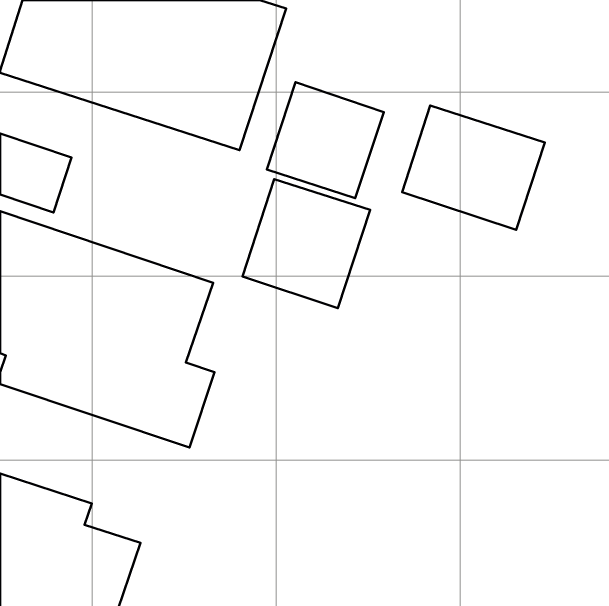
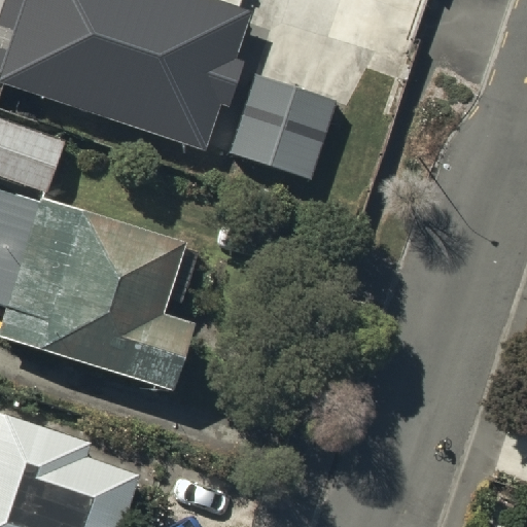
building: [402,105,545,230] -> none
building: [243,179,370,308] -> none

